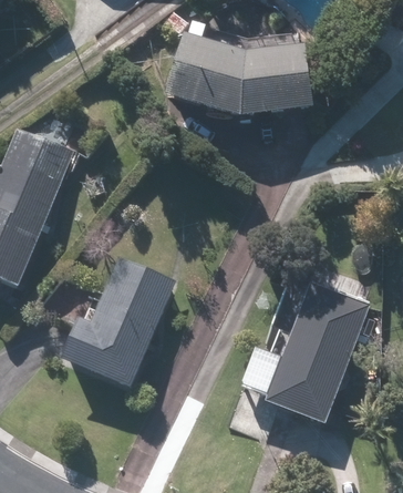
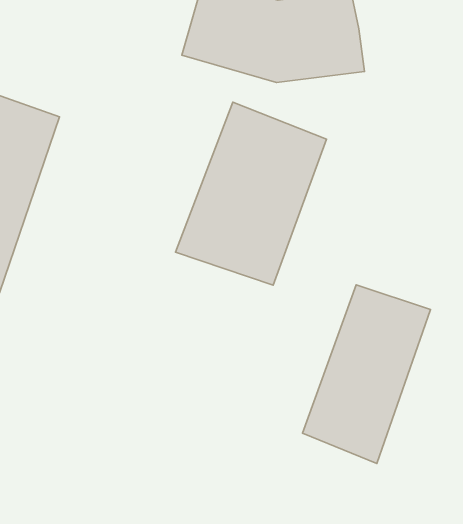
building: none -> [175,102,327,285]
building: [63,254,174,387] -> none

